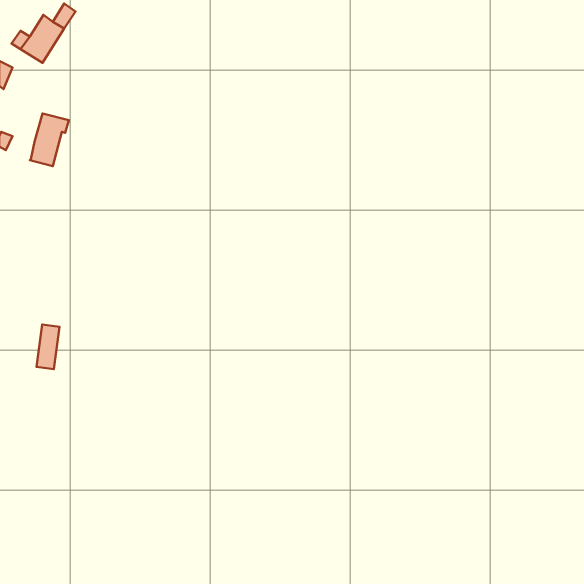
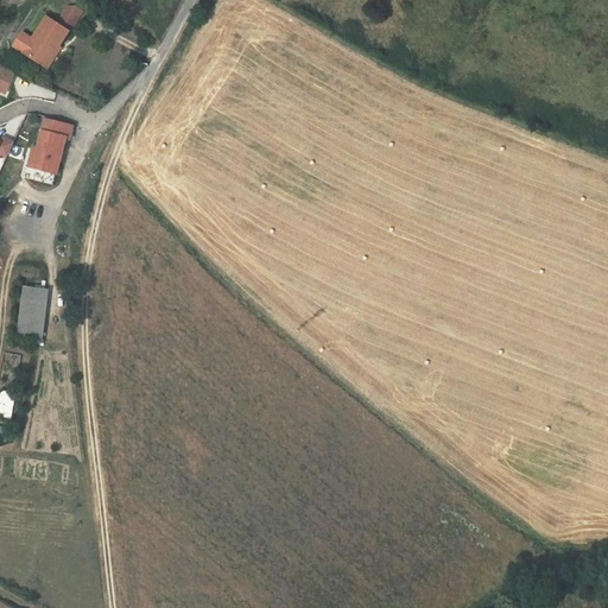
building: [37,325,59,369] -> [17,289,40,335]

